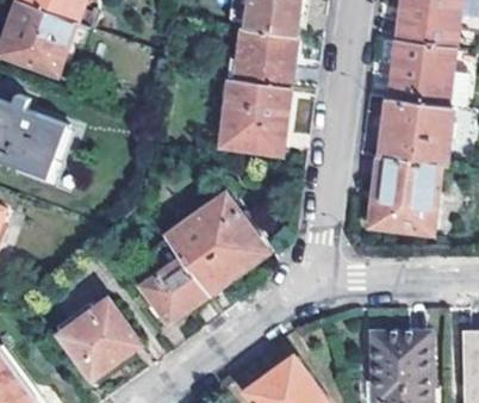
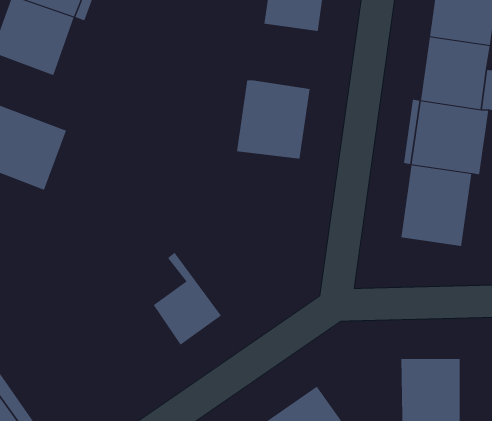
building: [235,26,296,86] -> none
building: [164,192,267,293] -> none
building: [52,287,138,376] -> none

